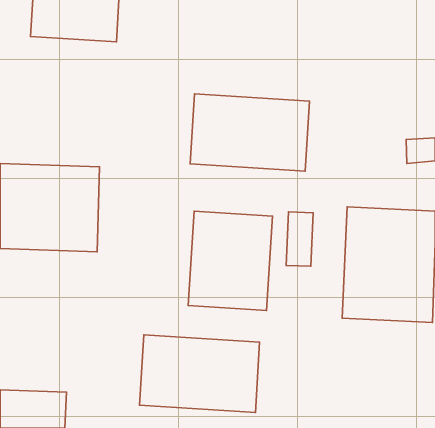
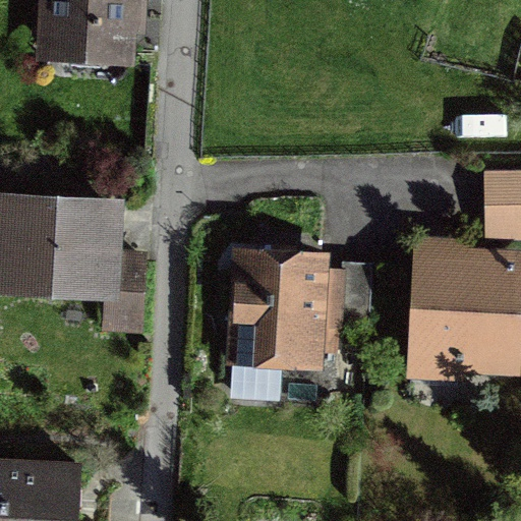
building: [190,94,309,171] -> none
building: [140,335,260,412] -> none

